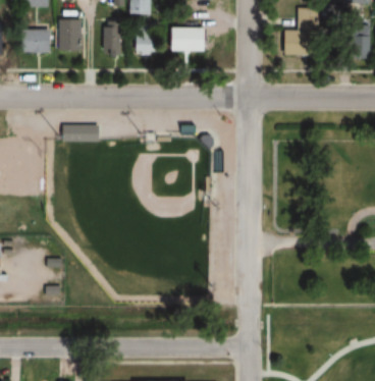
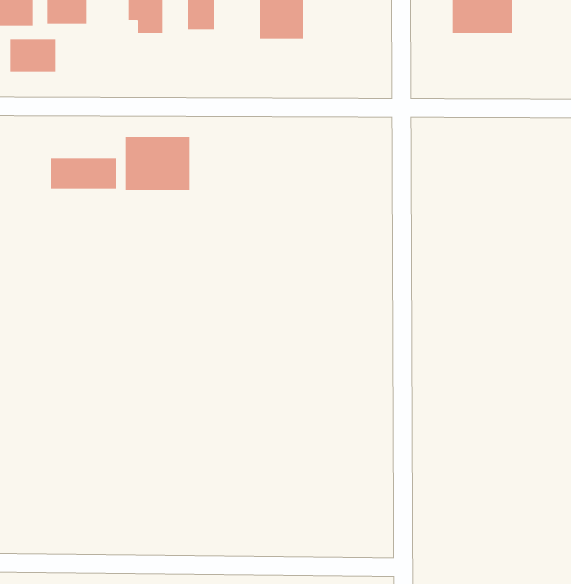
building: none -> [10,39,56,72]
building: none -> [125,136,190,191]

